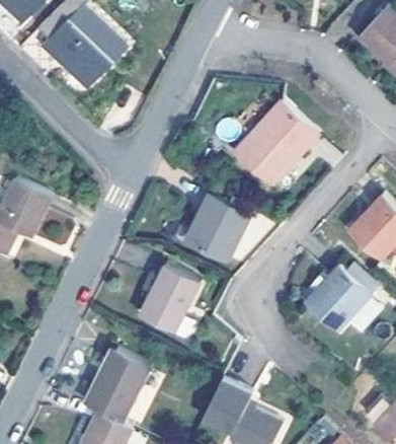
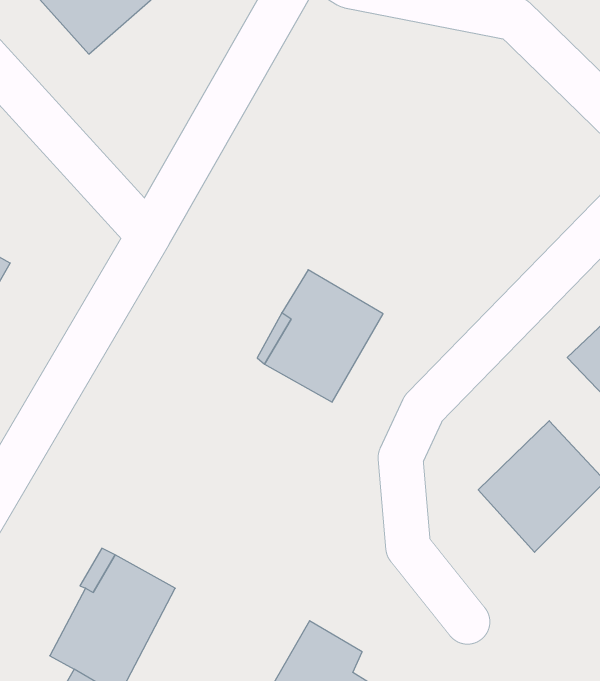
building: [232,103,316,188] -> none
building: [139,261,201,330] -> none

